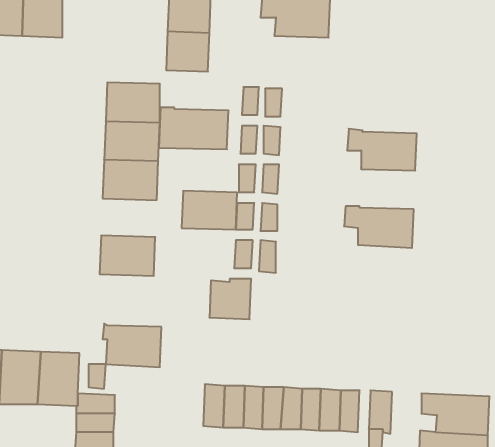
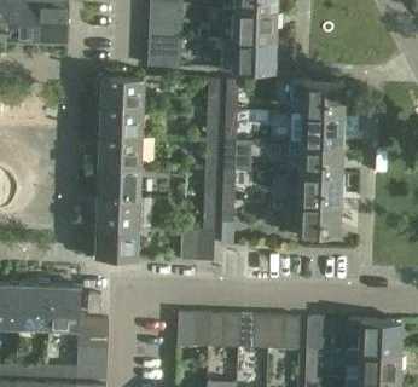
building: none -> [290,82,344,116]
building: [159,108,229,149] -> [220,39,274,71]
building: none -> [288,143,342,175]
building: [182,191,237,230] -> [97,167,140,197]
building: none -> [285,202,339,236]
building: [103,324,161,367] -> [92,225,138,259]

